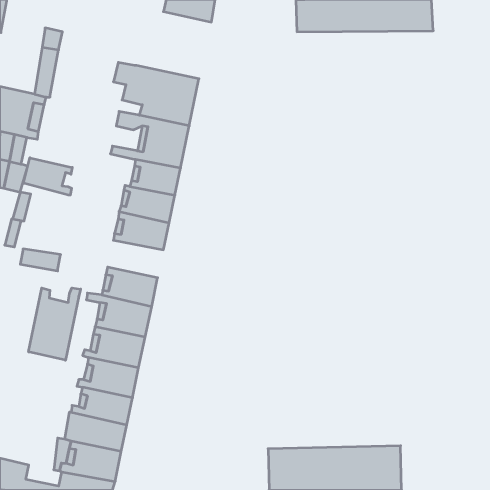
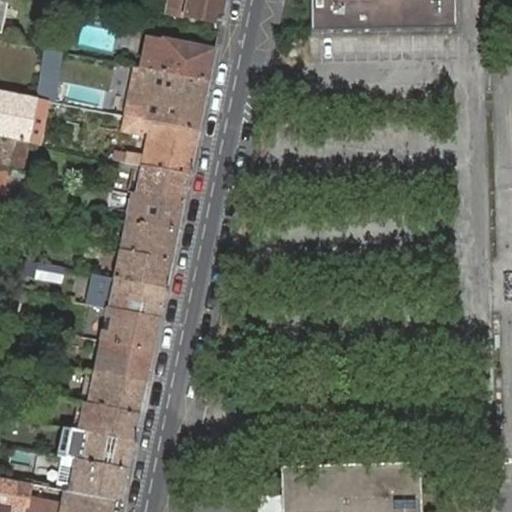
building: none -> [142,36,214,82]
building: [24,158,72,195] -> none
building: none -> [112,250,170,289]
building: [29,288,81,360] -> none

